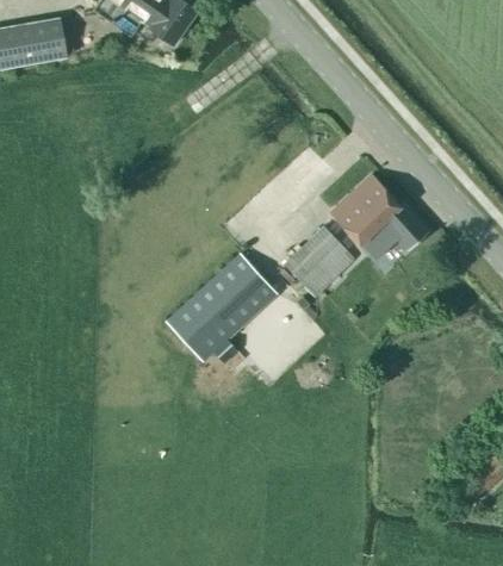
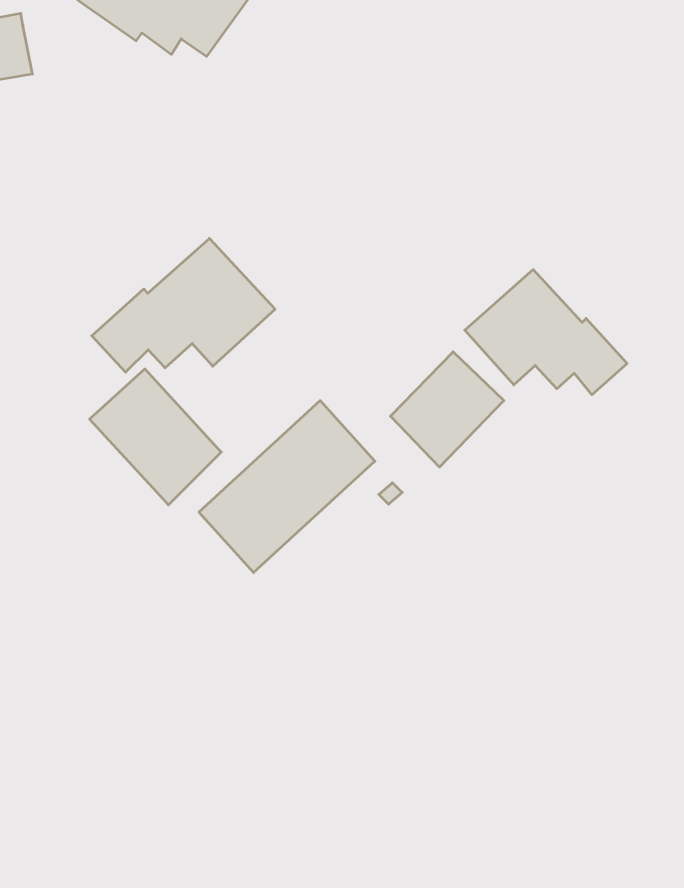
building: none -> [92,238,275,372]
building: none -> [90,369,221,505]

